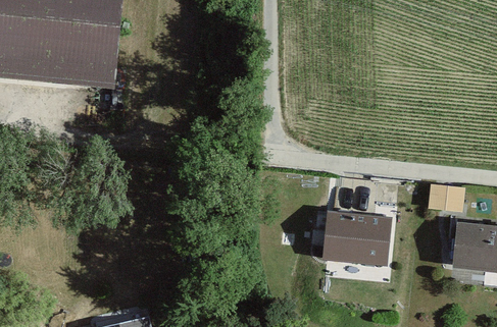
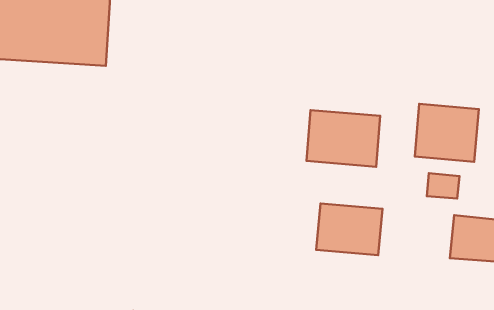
building: none -> [415,104,479,162]
building: none -> [307,110,380,167]

